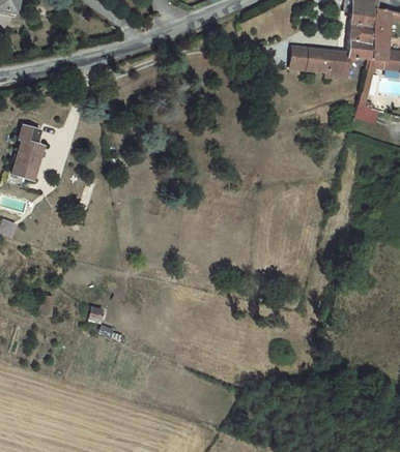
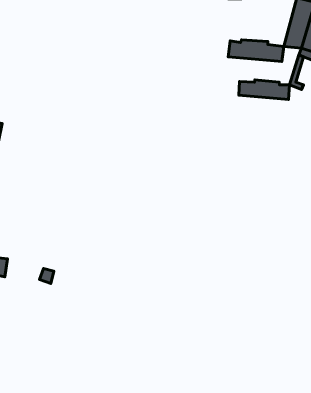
building: none -> [239,80,289,100]

